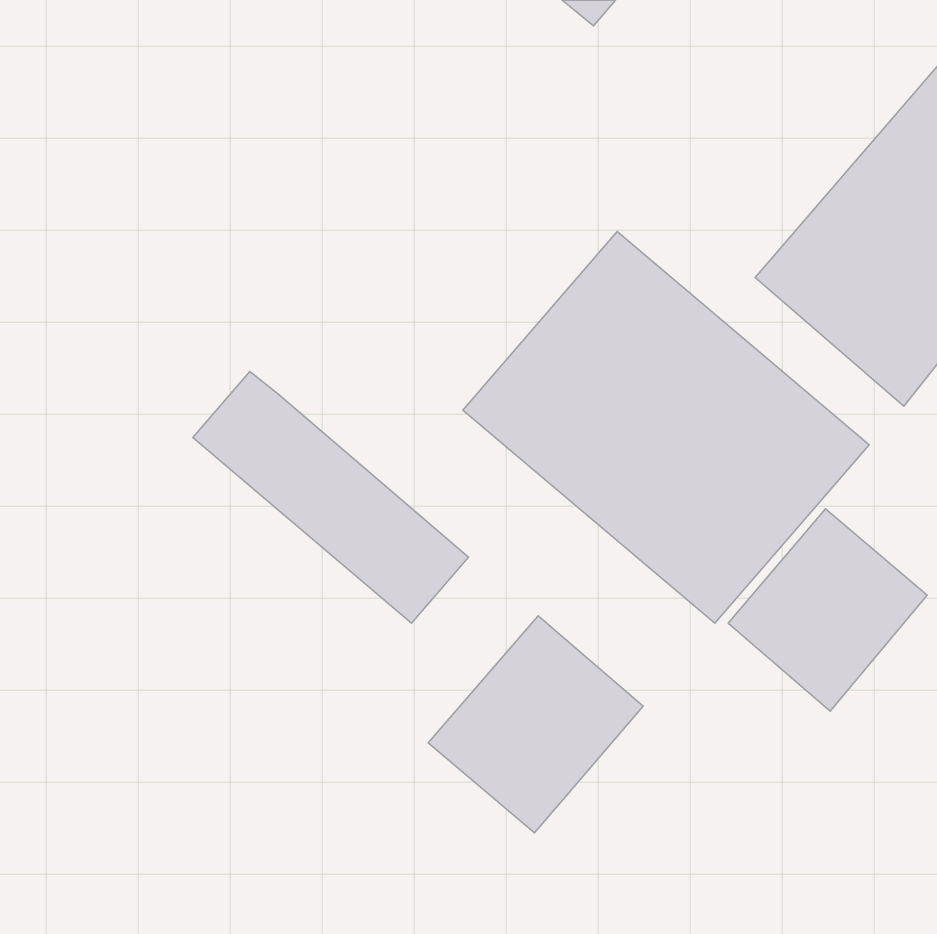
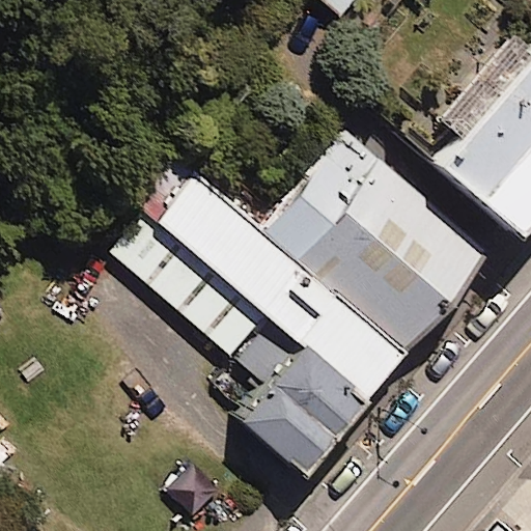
building: none -> [158,179,404,401]
building: [728,509,927,711] -> none

